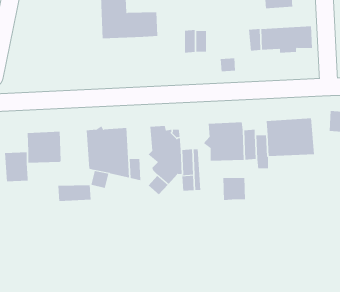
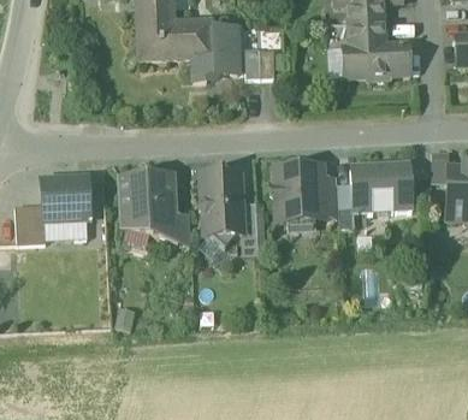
building: none -> [192,18,237,81]
building: none -> [348,19,385,47]
building: [223,177,246,201] -> none
building: [58,185,91,202] -> [43,218,87,239]

